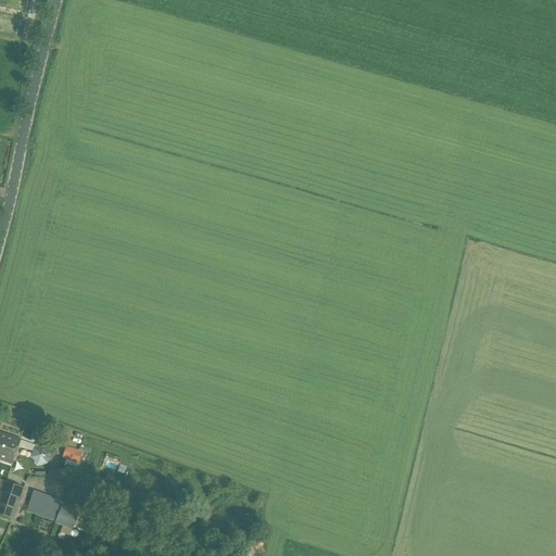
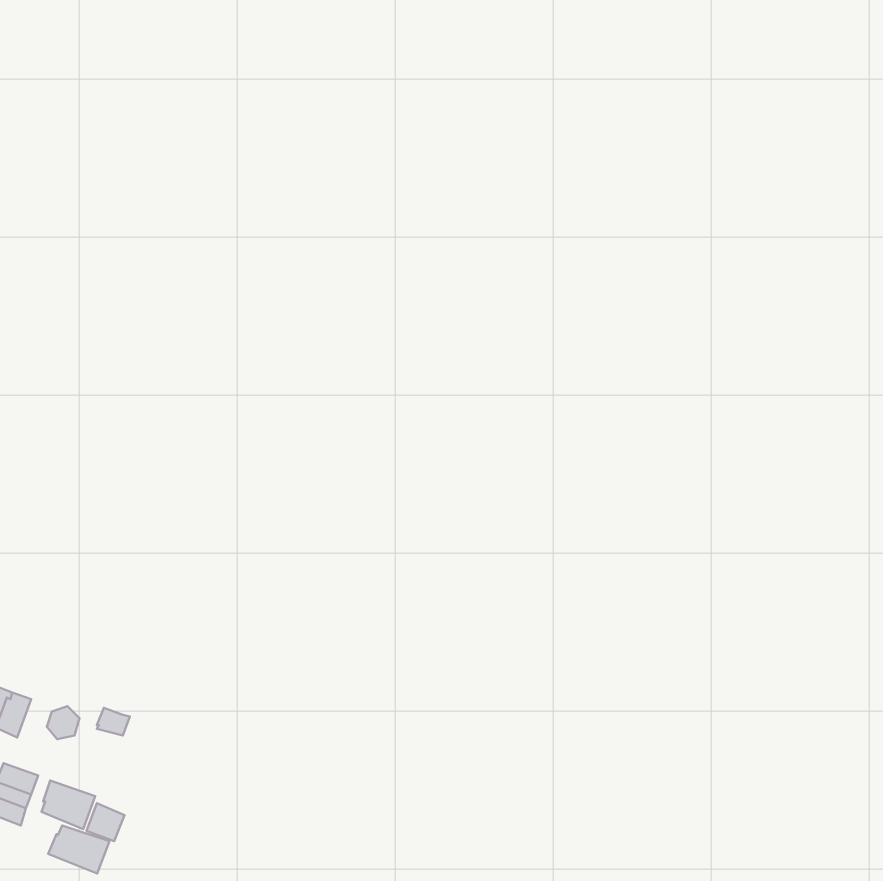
building: none -> [48,825,109,873]

